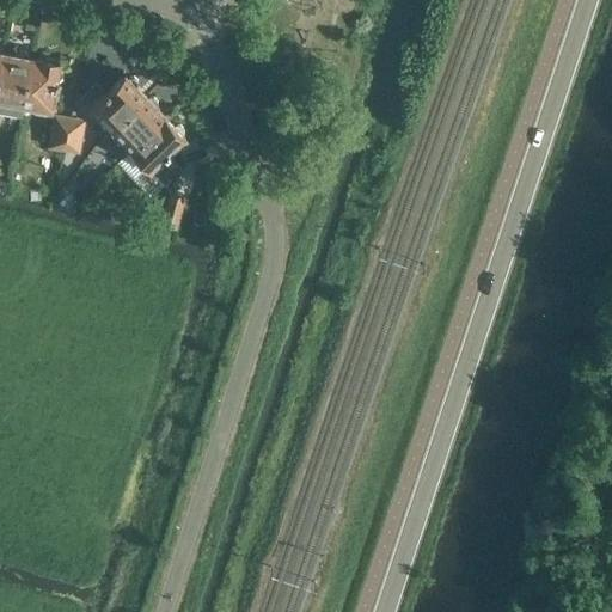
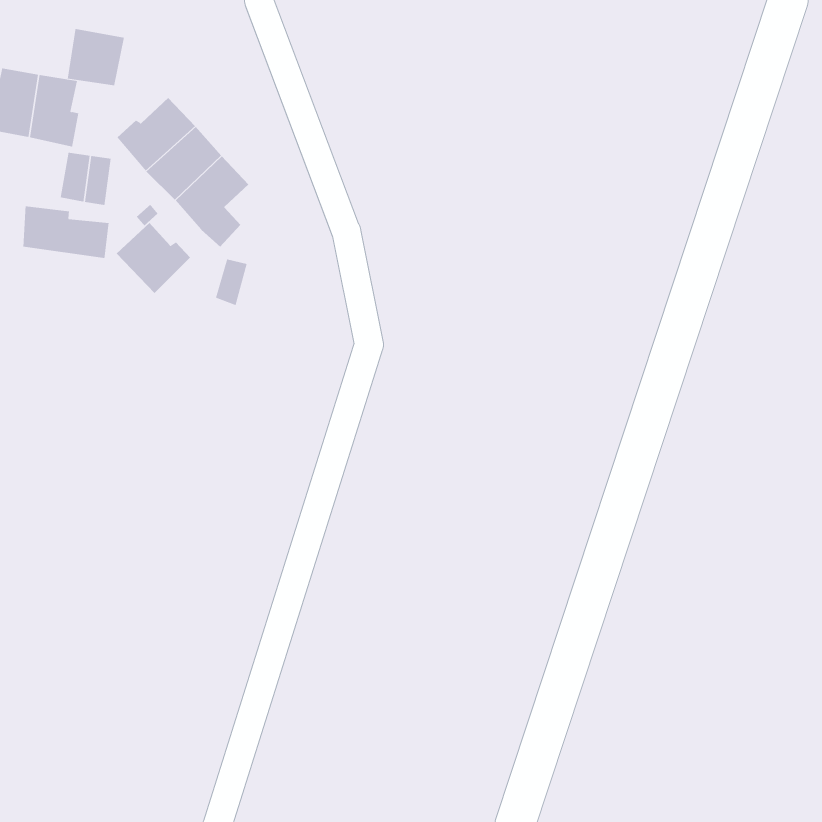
building: none -> [67,28,125,86]
building: none -> [23,206,109,259]
building: none -> [116,222,191,294]

